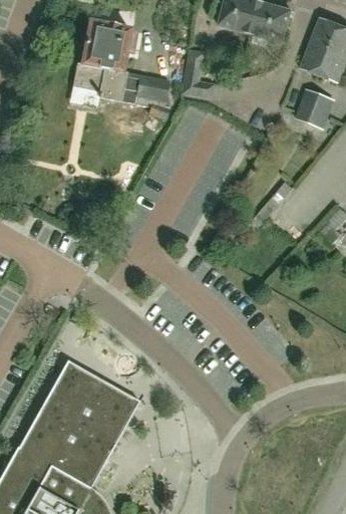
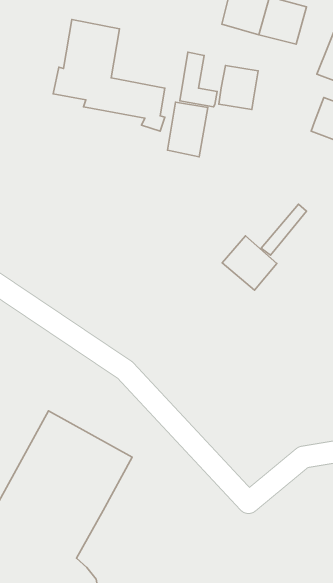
building: none -> [219,65,258,110]
building: none -> [168,102,208,157]
building: none -> [222,236,277,290]

